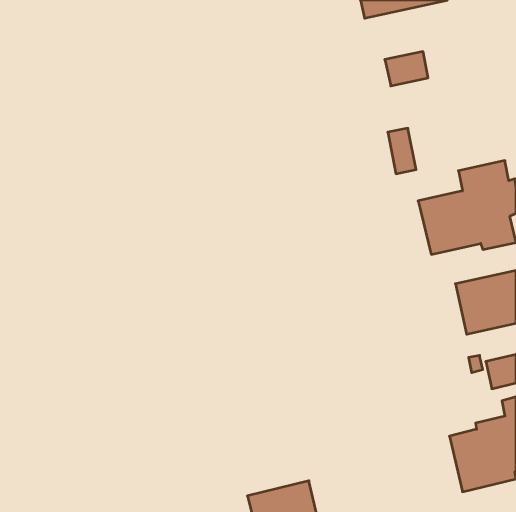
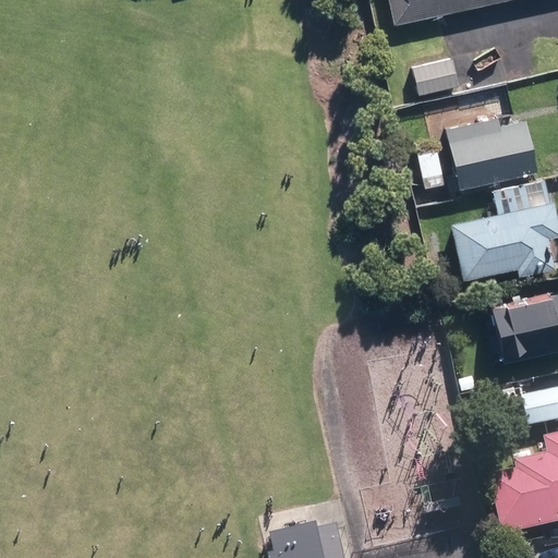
building: none -> [448,116,541,186]

